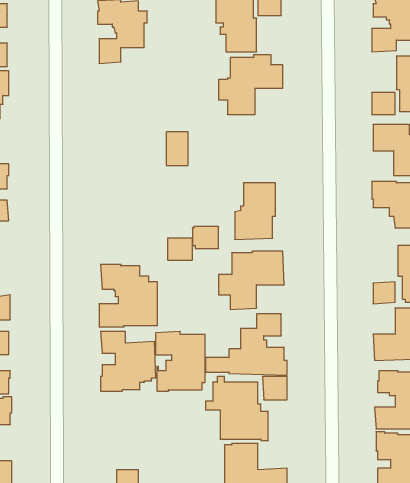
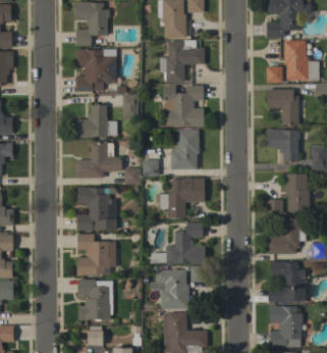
building: none -> [74,49,116,92]
building: none -> [163,85,203,127]
building: none -> [76,105,116,138]
building: none -> [75,142,121,178]
building: [156,331,205,391] -> [77,279,112,320]

